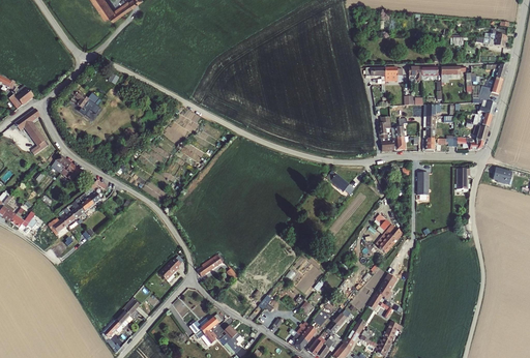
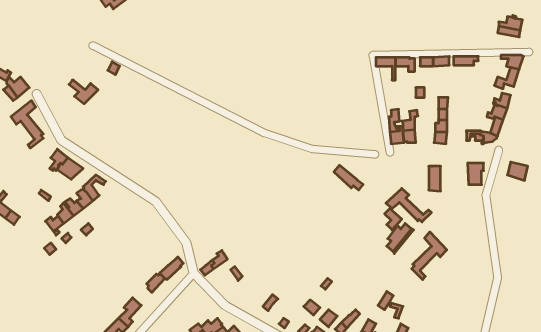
building: none -> [386,188,431,222]
building: none -> [412,232,447,280]

